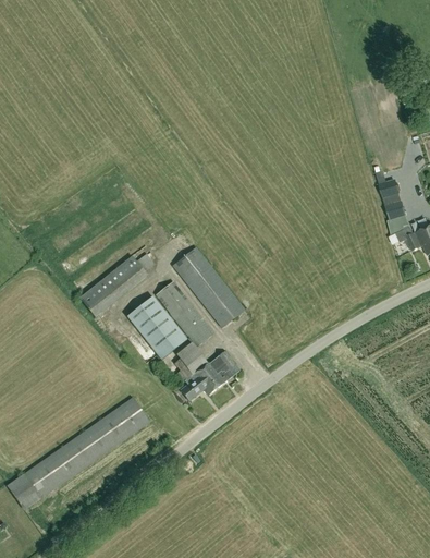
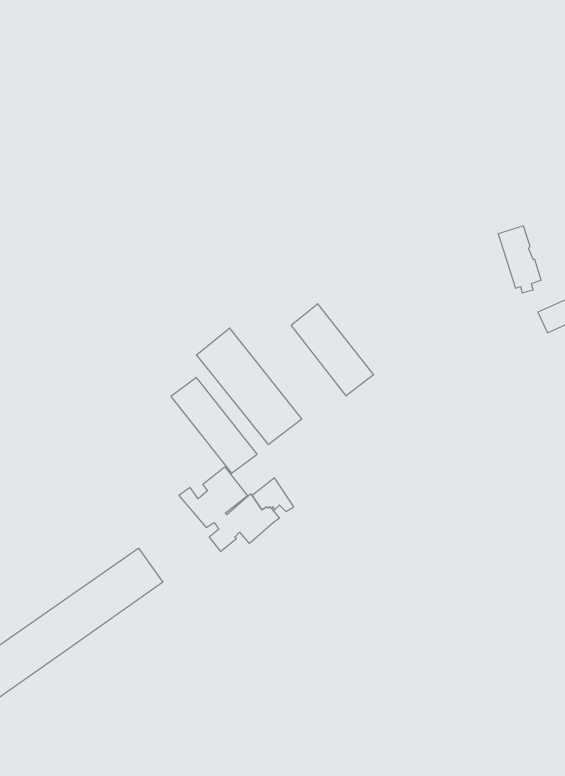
building: none -> [291,304,374,396]
building: [78,252,155,317] -> none
building: [126,295,187,360] -> none

